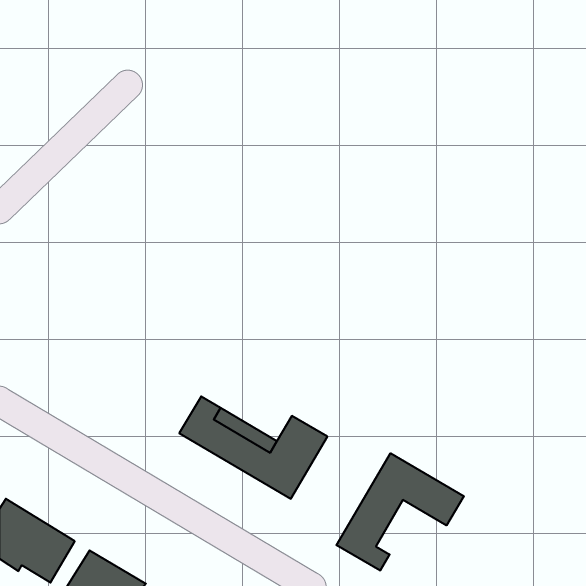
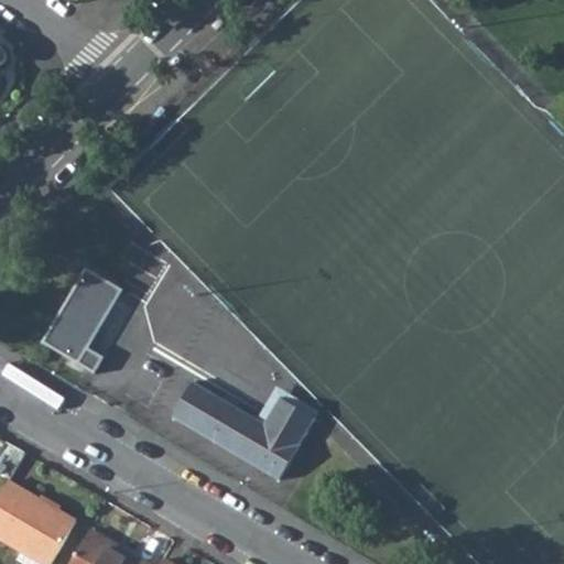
building: none -> [43,271,121,372]
building: [336,453,464,571] -> none

